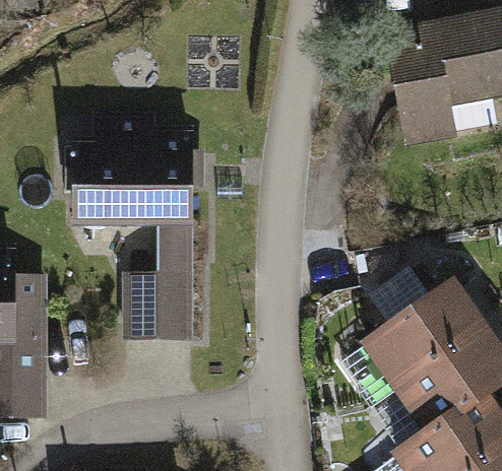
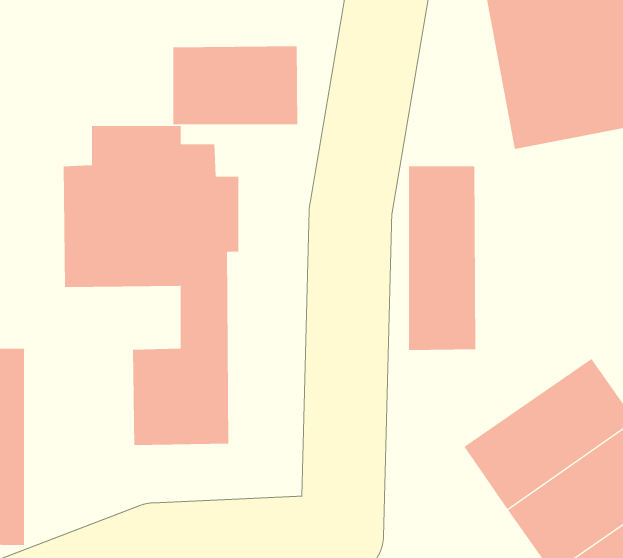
building: none -> [173,46,298,125]
building: none -> [408,165,476,351]

